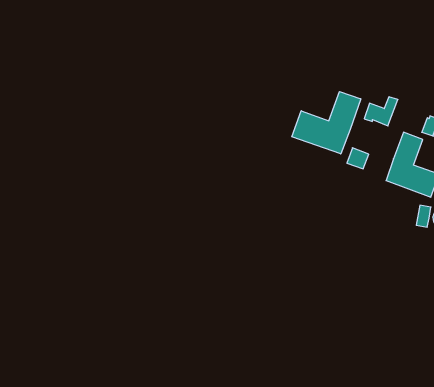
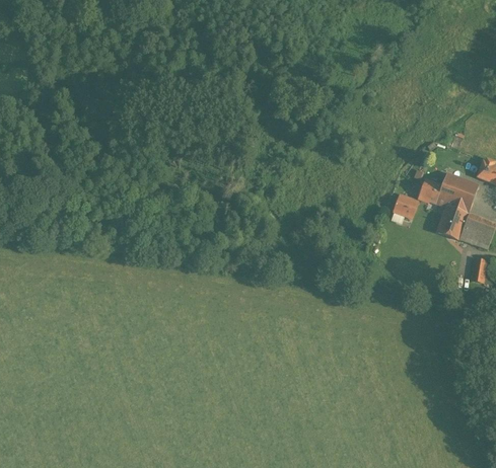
building: [292,92,361,154] -> none
building: [364,97,398,126] -> [420,174,457,207]

